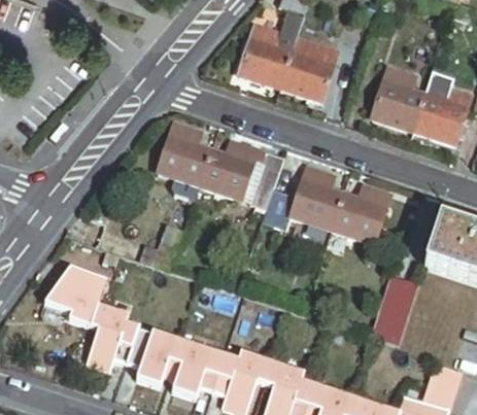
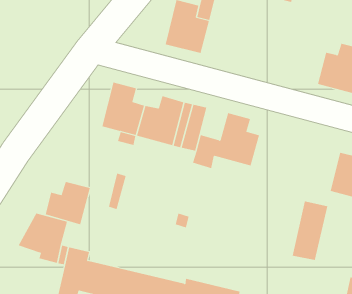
building: [279,45,338,106] -> none
building: [372,71,425,136] -> none
building: [330,182,387,241] -> none
building: none -> [45,181,90,225]

